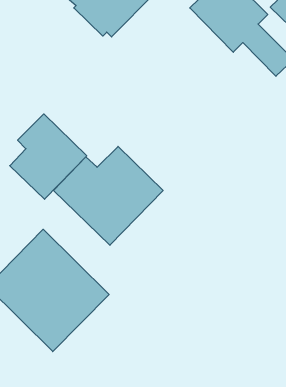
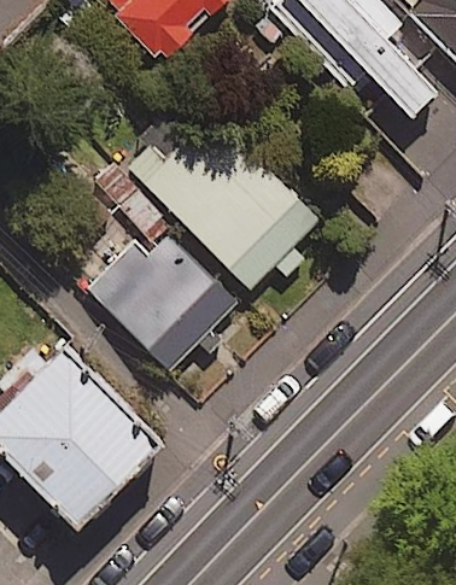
building: none -> [124,122,315,287]
building: [10,114,87,199] -> none

